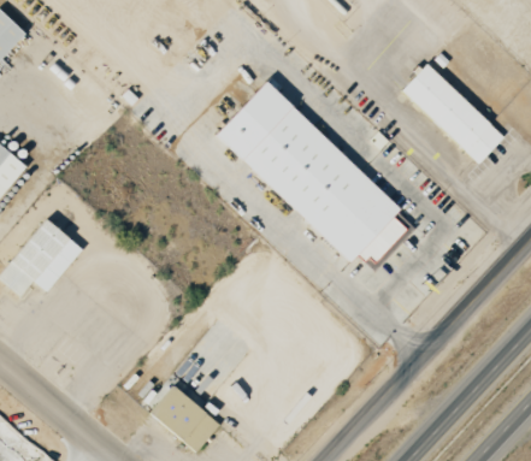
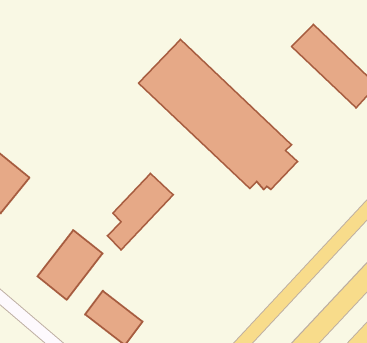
building: none -> [107,173,173,250]
building: none -> [37,230,103,300]

